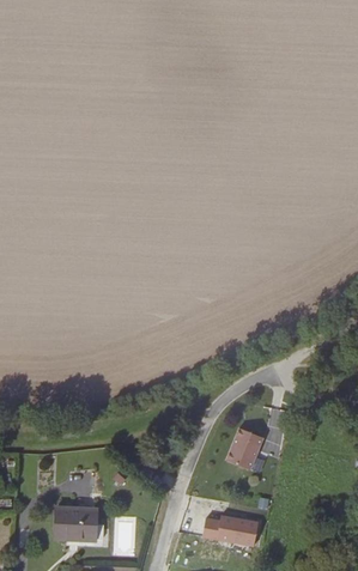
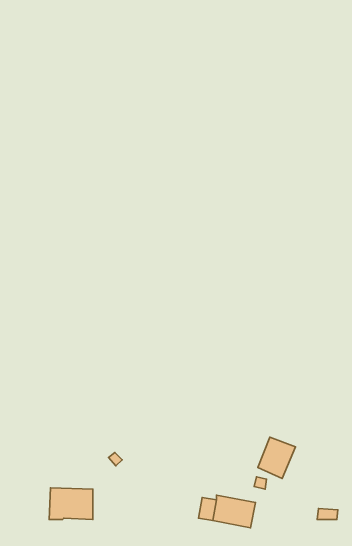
building: [227,427,265,468] -> [258,437,295,479]

